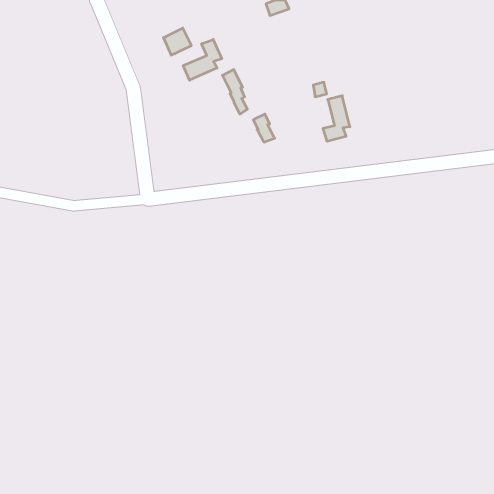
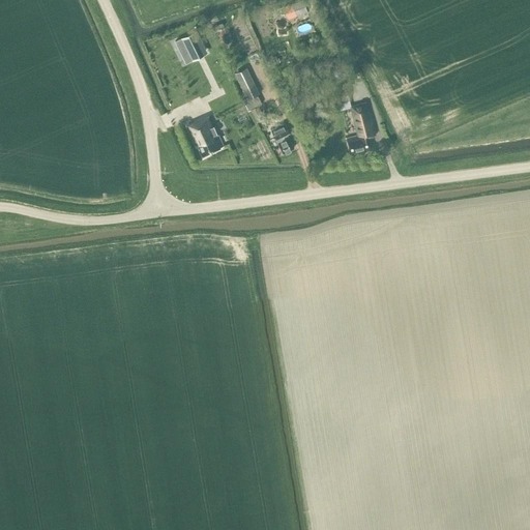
building: [183,39,222,80] -> none
building: none -> [186,116,224,155]

